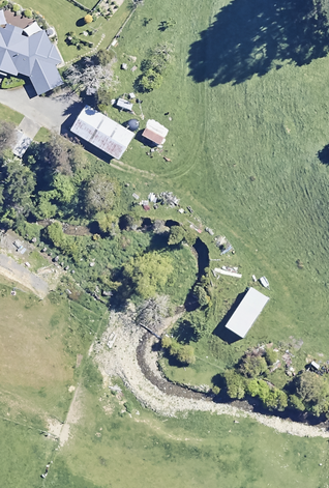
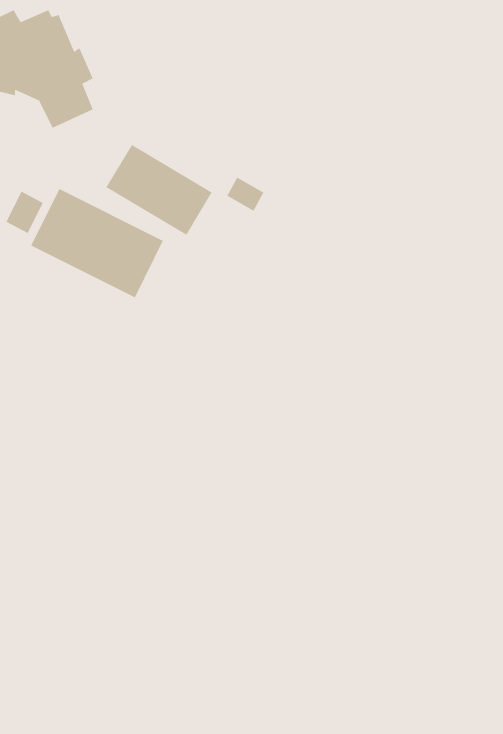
building: none -> [30,188,164,298]
building: [223,287,267,338] -> none

